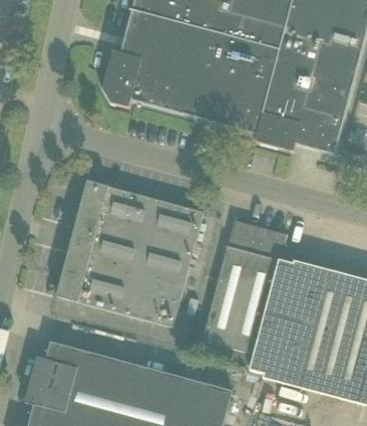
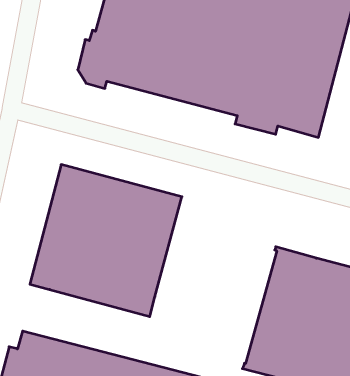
building: [199,220,295,373] -> none

